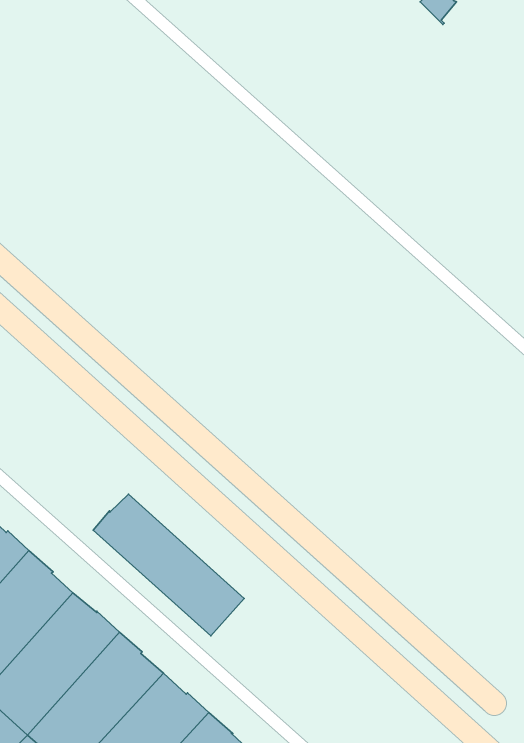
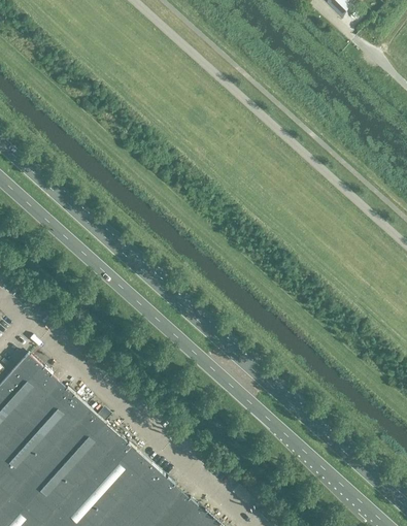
building: [93,494,244,636] -> none

